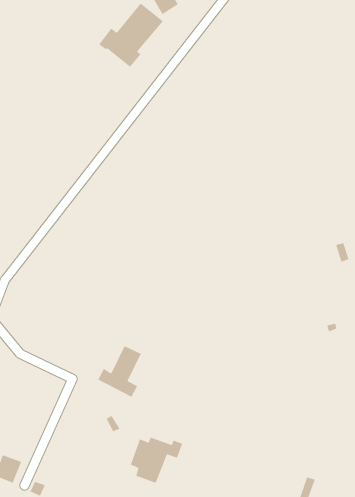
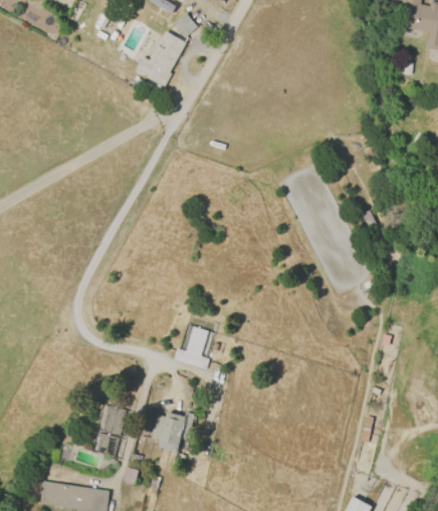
building: none -> [102,405,127,435]
building: [130,436,183,484] -> [152,412,195,452]

